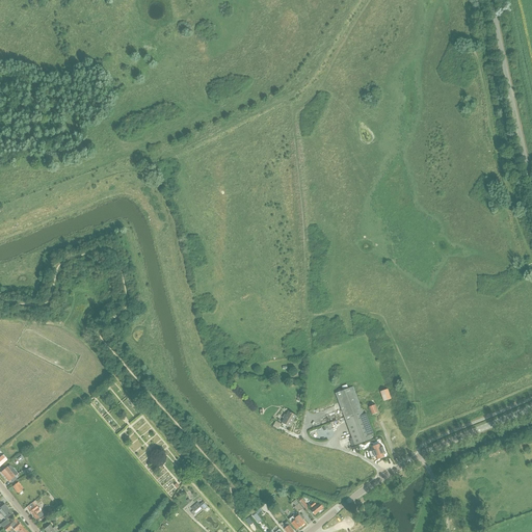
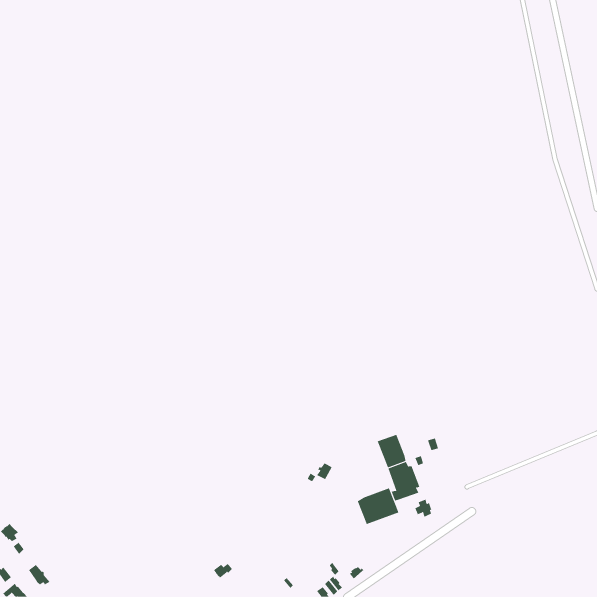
building: none -> [357,488,399,525]

